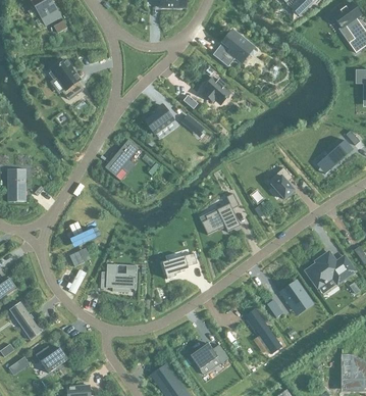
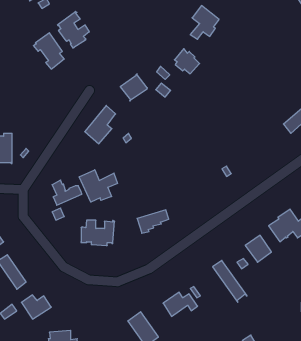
building: none -> [58,11,89,48]
building: [267,166,294,198] -> none
building: [201,192,240,234] -> none
building: none -> [79,170,117,202]

